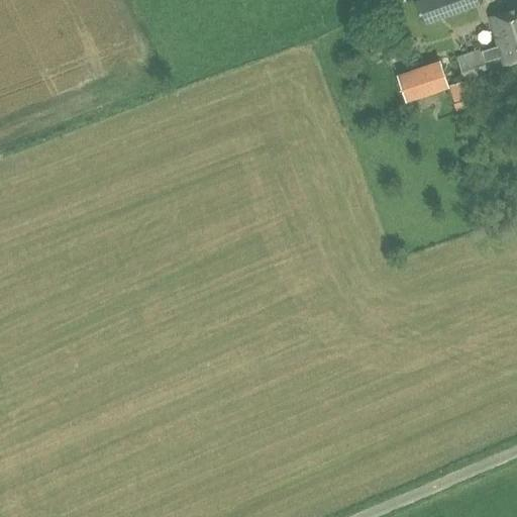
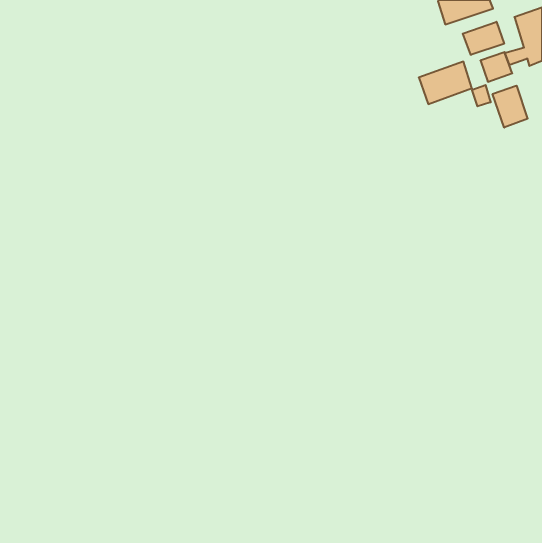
building: none -> [463,22,504,55]
building: none -> [493,86,528,128]

